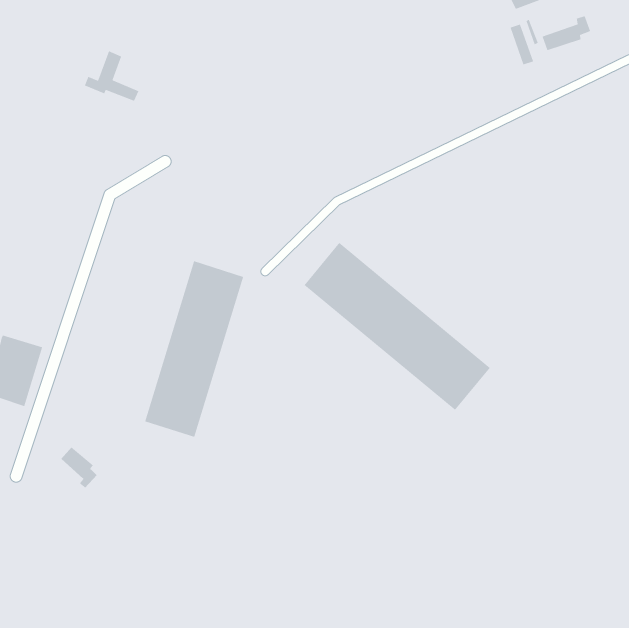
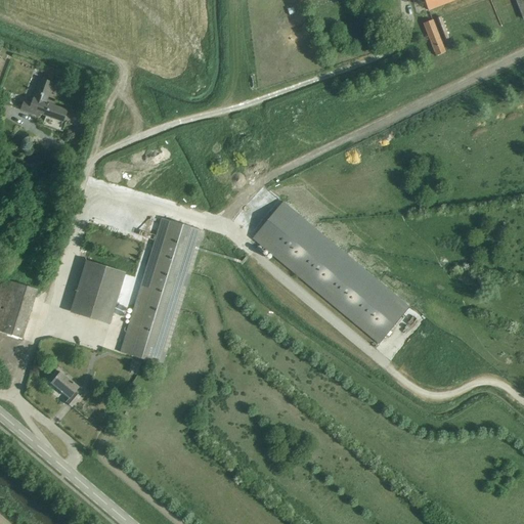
building: [542,15,591,51] -> none
building: [84,50,139,102] -> [20,77,67,120]
building: none -> [70,260,124,321]

